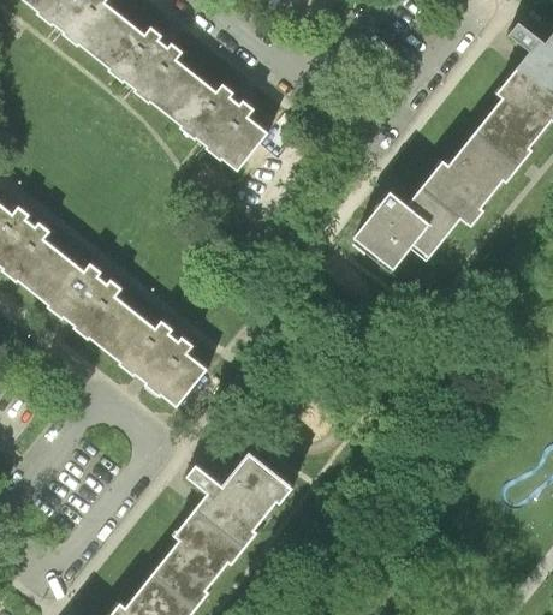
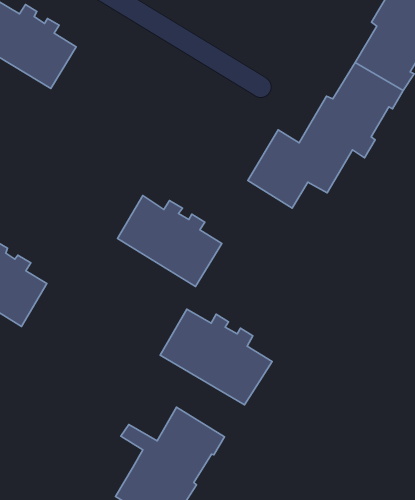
building: [165,76,268,172] -> none
building: [103,310,208,408] -> [117,196,222,287]
building: none -> [160,309,272,405]

